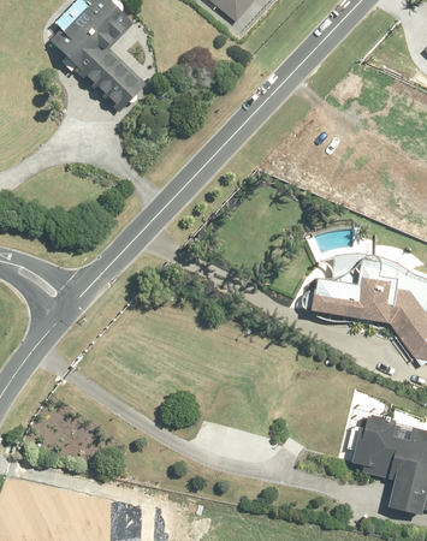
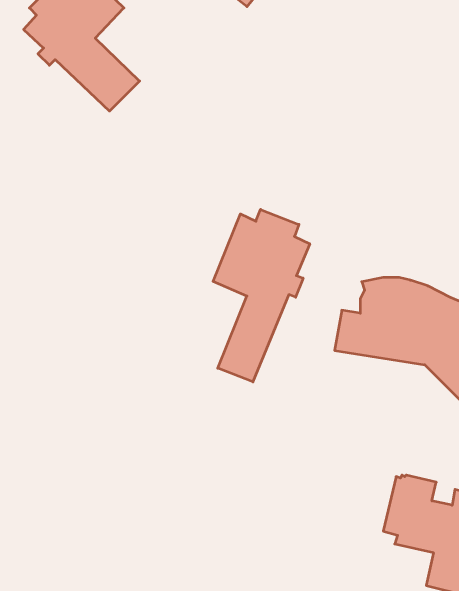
building: none -> [213,209,310,382]

